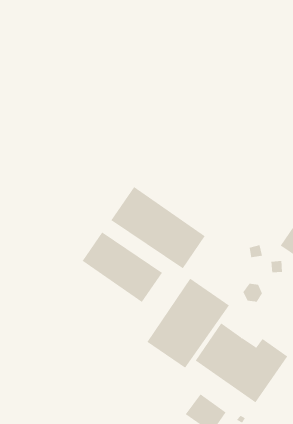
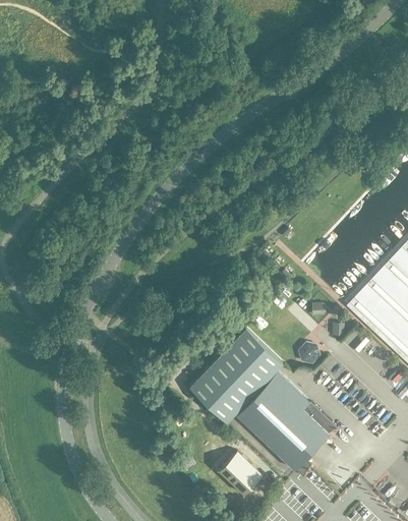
building: [111,186,206,269] -> none
building: [82,232,163,303] -> none

